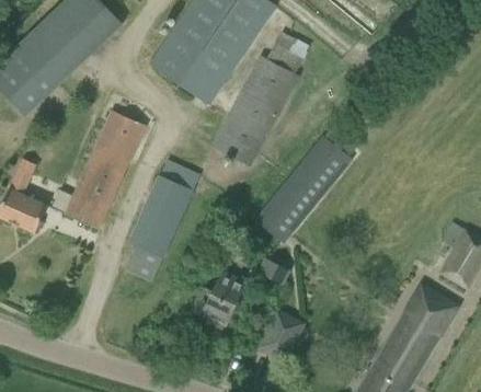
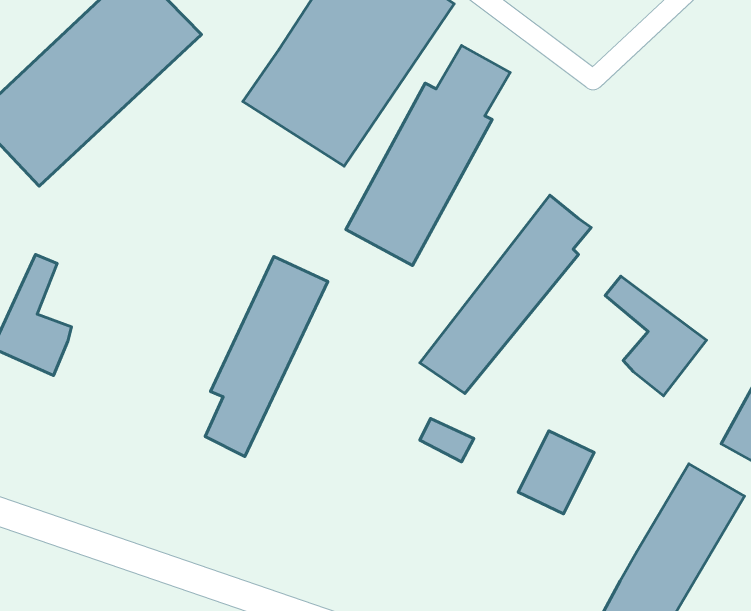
building: [51,109,145,227] -> none
building: none -> [605,276,706,396]
building: [191,272,245,328] -> none
building: [257,309,304,359] -> [518,431,594,514]

